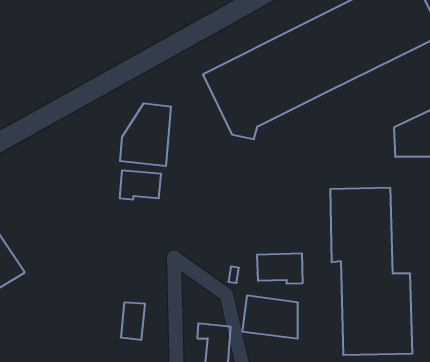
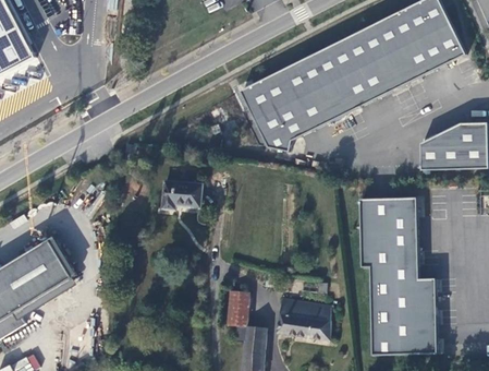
building: [120,103,171,166] -> none
building: [257,253,302,284] -> none
building: [121,303,145,340] -> [225,291,248,326]

